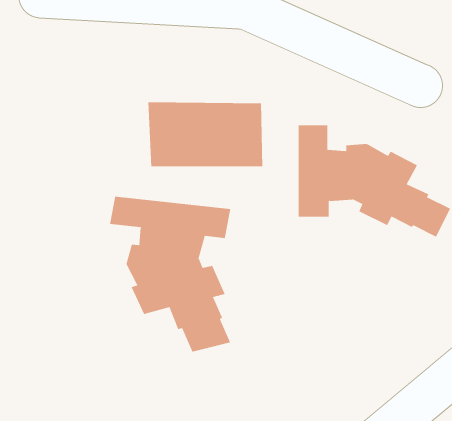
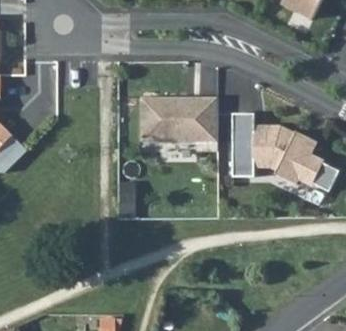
building: [109,196,231,352] -> none

